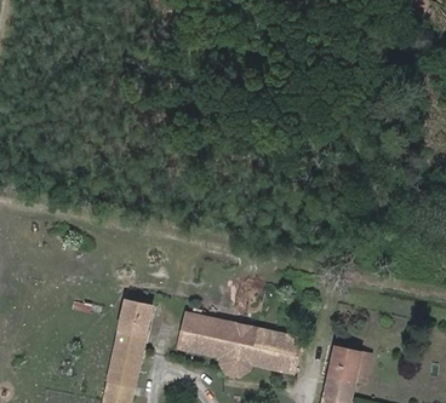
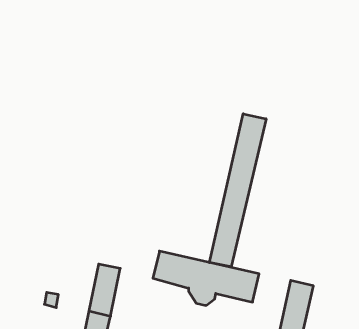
building: none -> [209,114,266,267]
building: [120,298,151,332] -> none

